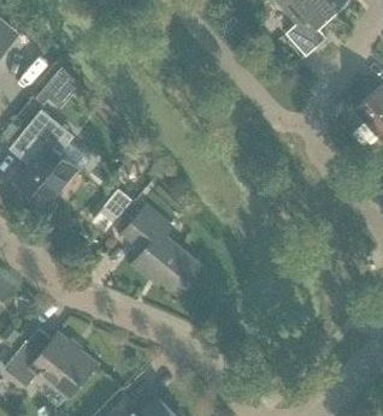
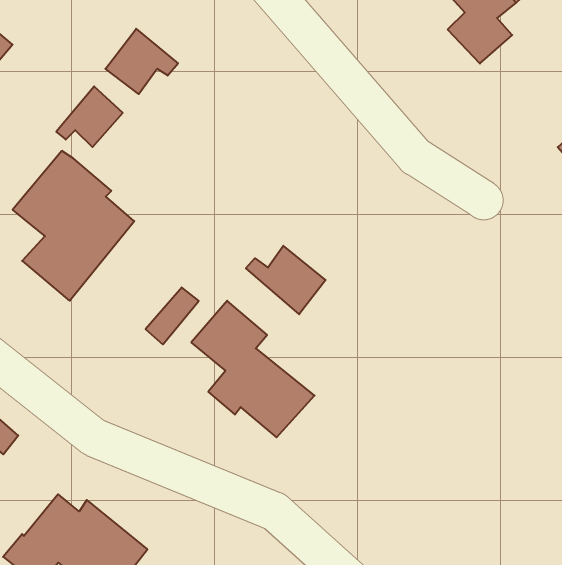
building: none -> [105,29,178,94]
building: none -> [246,246,326,314]

